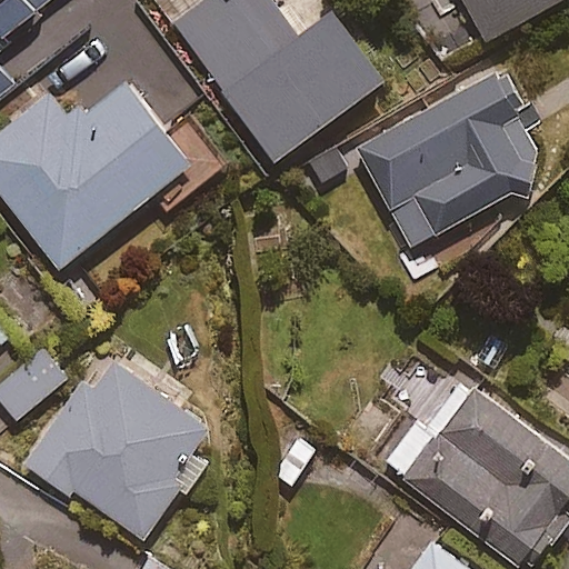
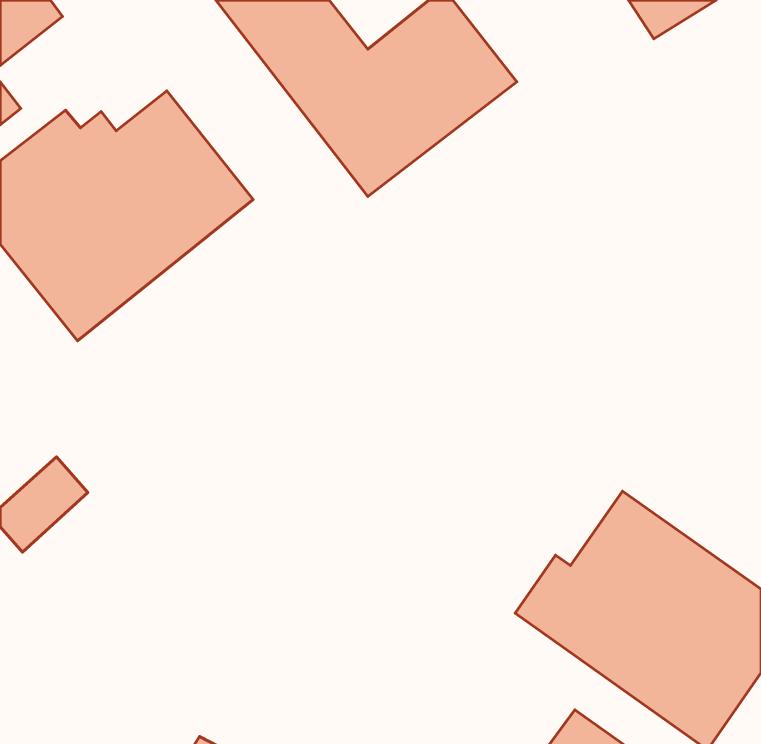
building: [355,70,540,248] -> none
building: [26,360,208,539] -> none

